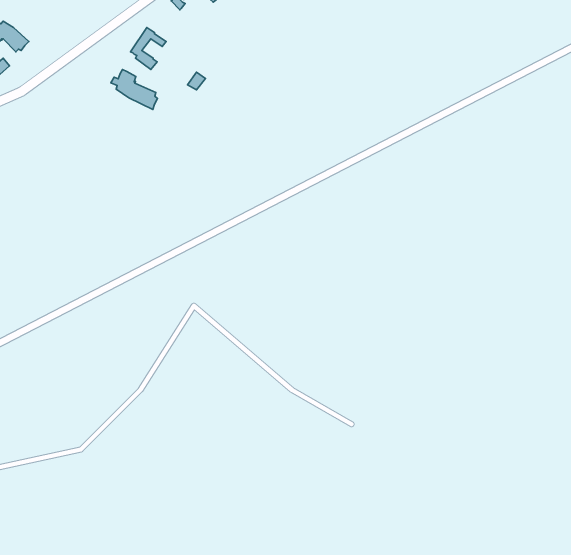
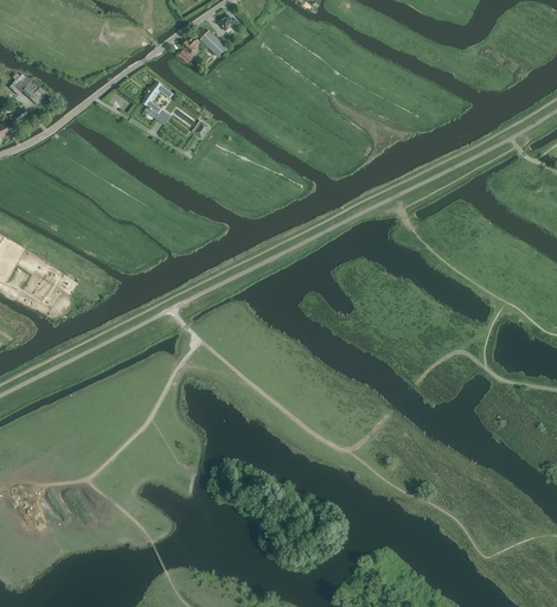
building: [111,69,158,110] -> none

